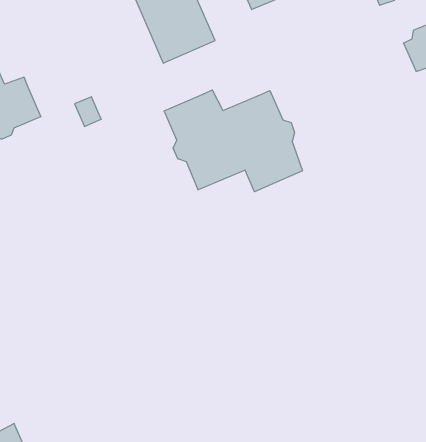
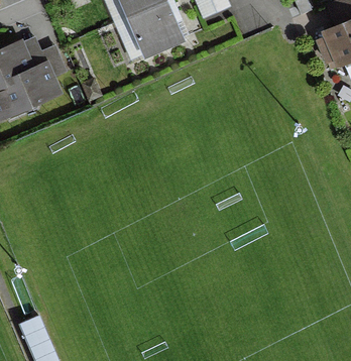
building: [164,90,303,192] -> none

